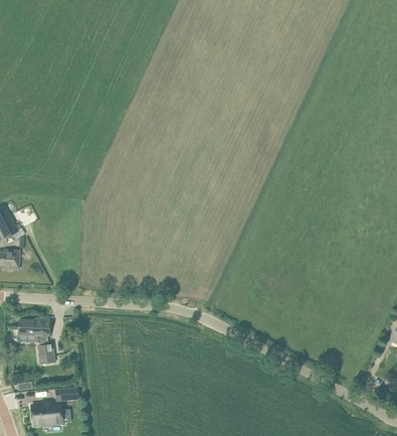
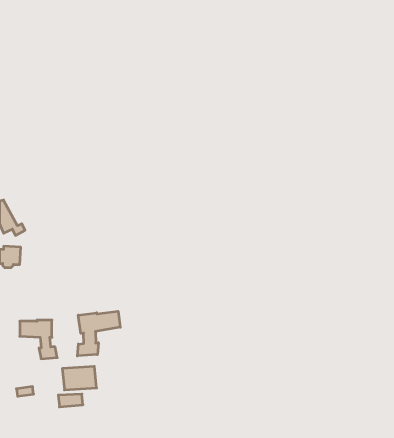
building: none -> [77,311,120,356]
building: [32,403,64,425] -> [62,366,97,390]

